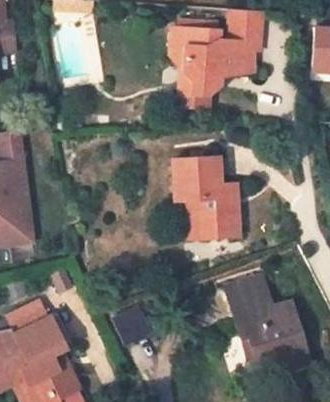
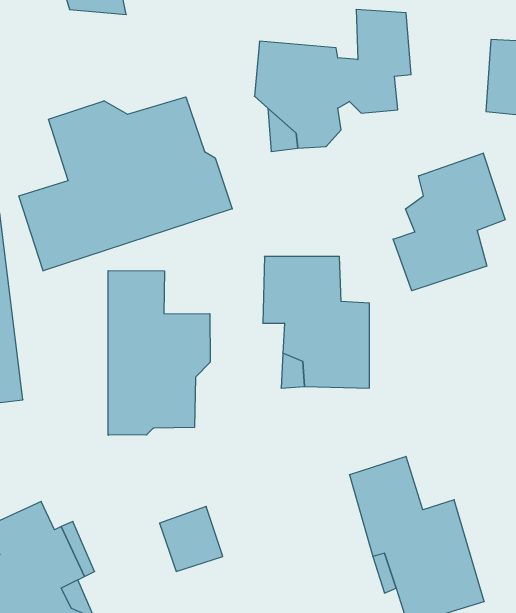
building: none -> [19,97,232,271]
building: none -> [393,153,505,291]
building: none -> [108,271,210,435]

